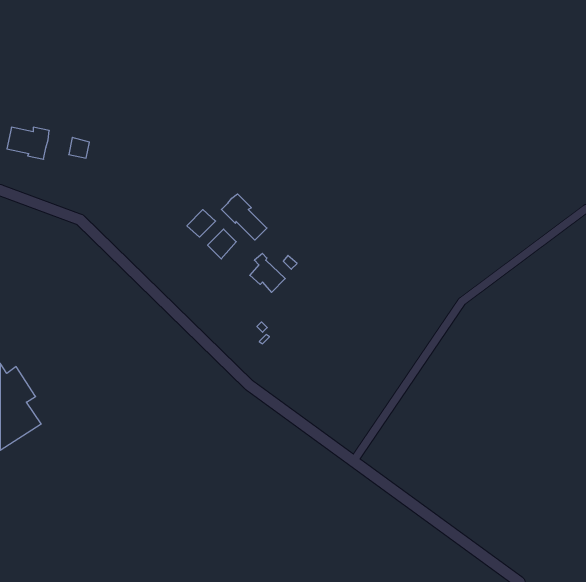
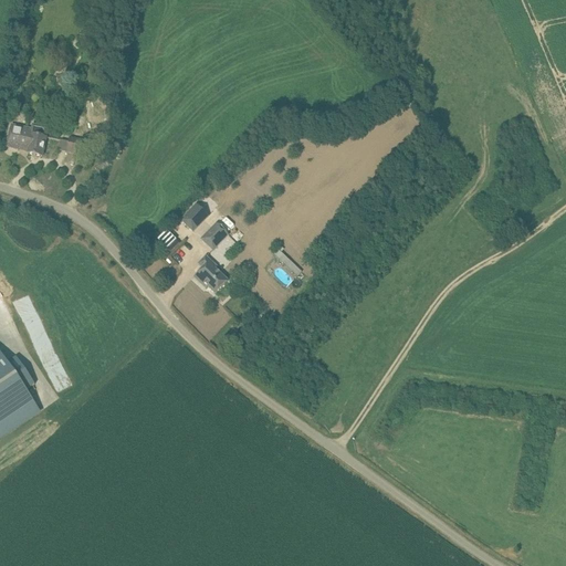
building: [221,194,267,240] -> none
building: [250,253,285,292] -> [193,254,228,292]

